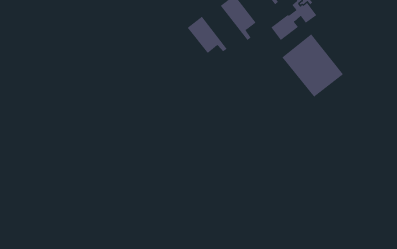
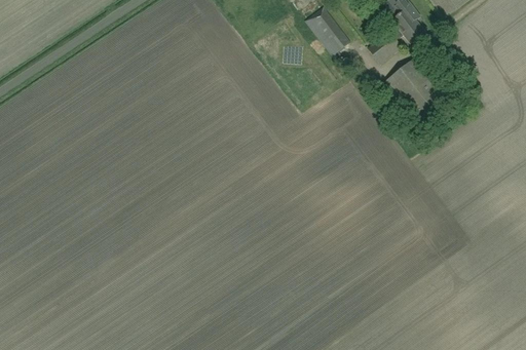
building: [187,16,227,54] -> none

